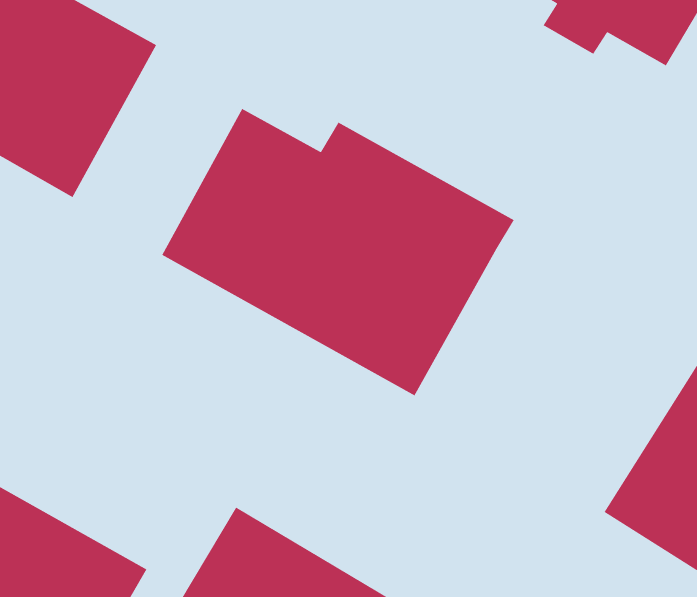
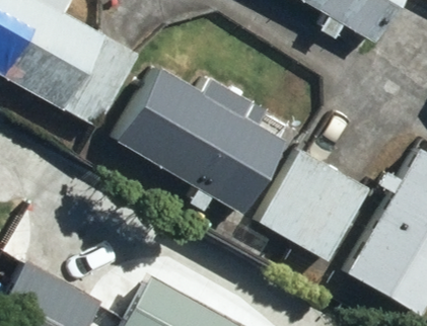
building: none -> [255,147,372,265]

